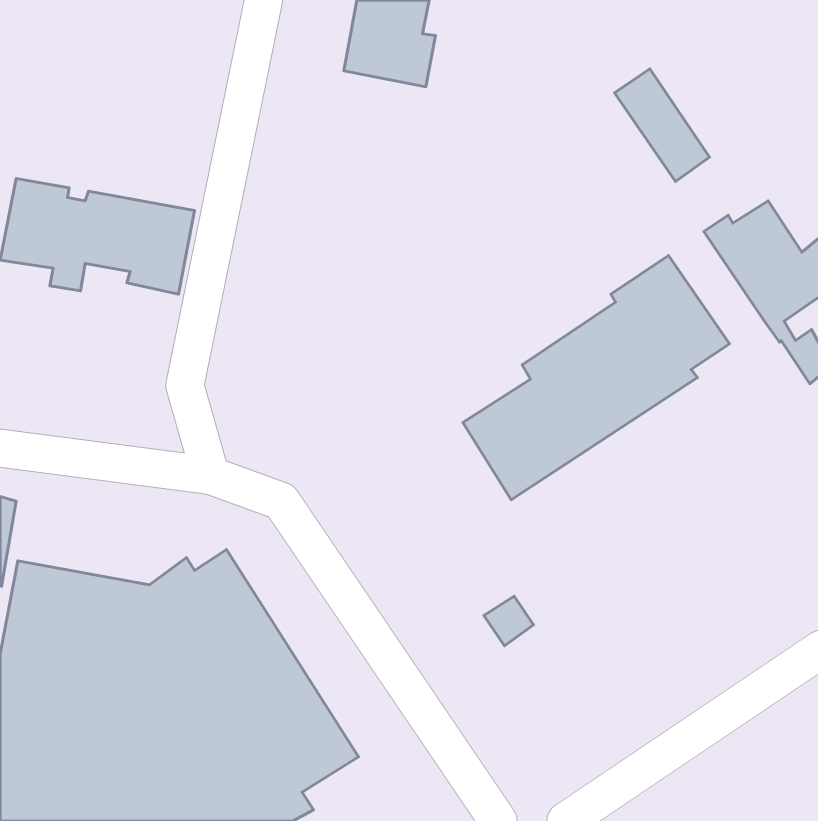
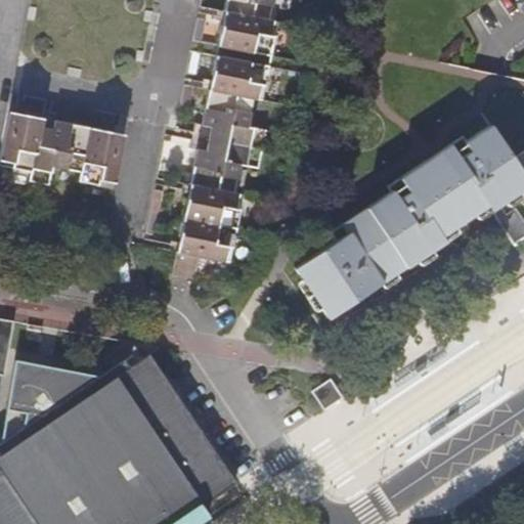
building: [615,69,709,181] -> [428,147,488,219]
building: none -> [174,56,270,277]

